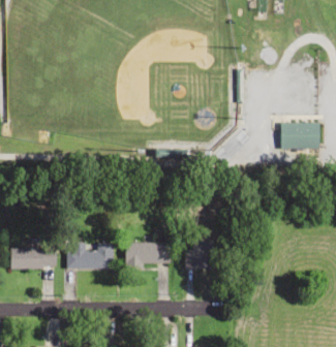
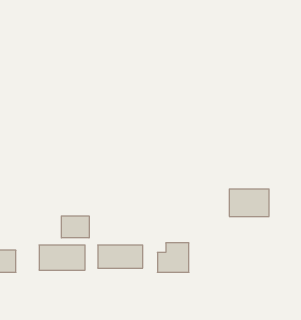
building: [281,122,320,149] -> [229,189,269,216]
building: none -> [61,216,89,238]

